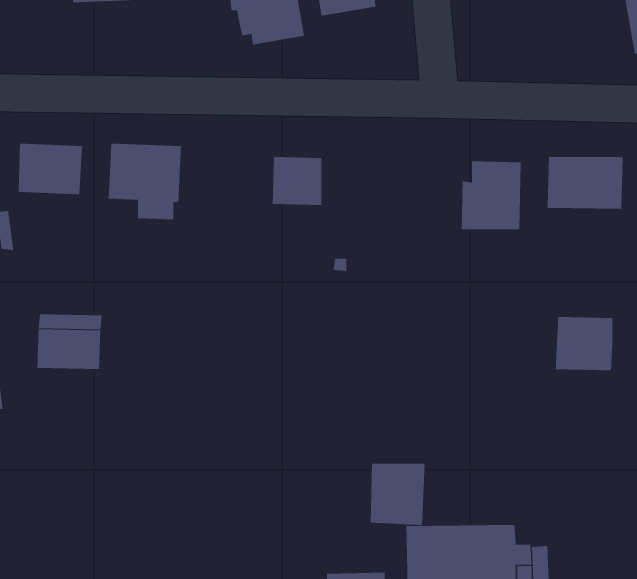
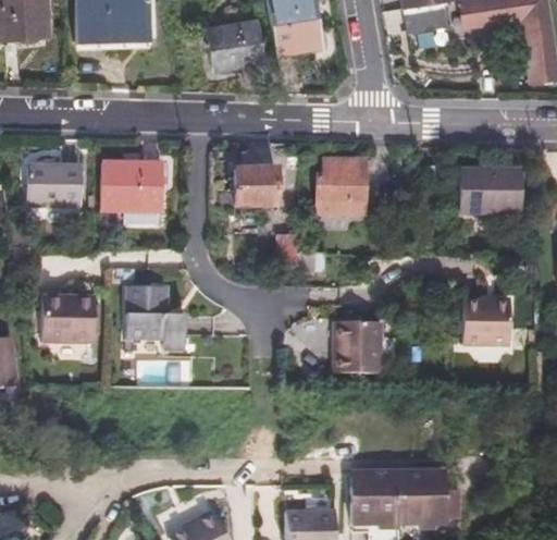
building: [461,161,521,230] -> [322,160,372,217]
building: none -> [125,290,185,353]
building: [370,463,425,526] -> [333,322,379,373]

